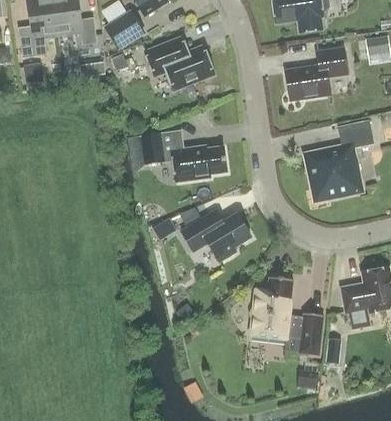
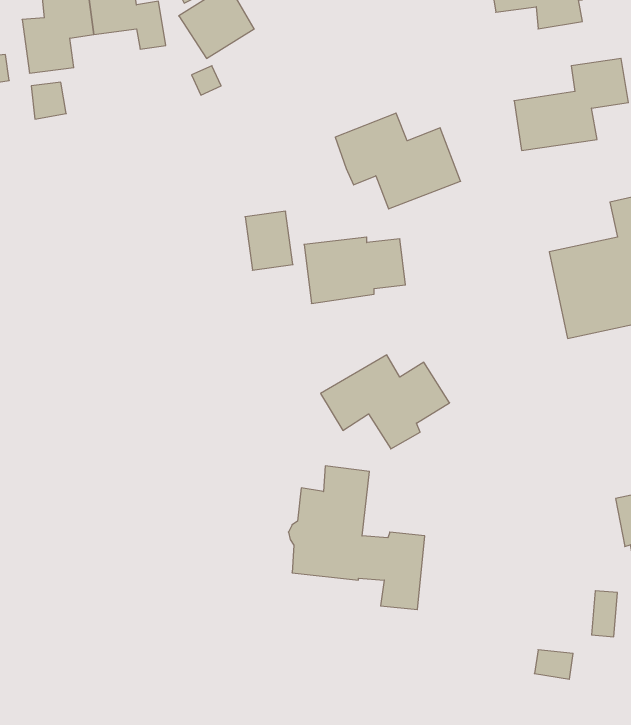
building: [146,37,214,89] -> [335,113,461,209]
building: [249,276,323,354] -> [288,466,425,610]

